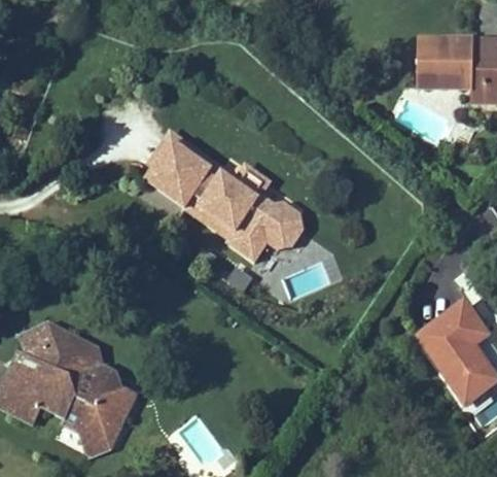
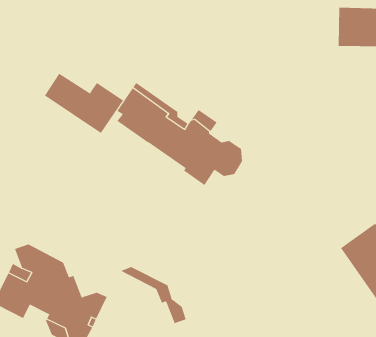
building: none -> [44,73,124,134]
building: [38,325,119,395] -> [120,266,187,324]

